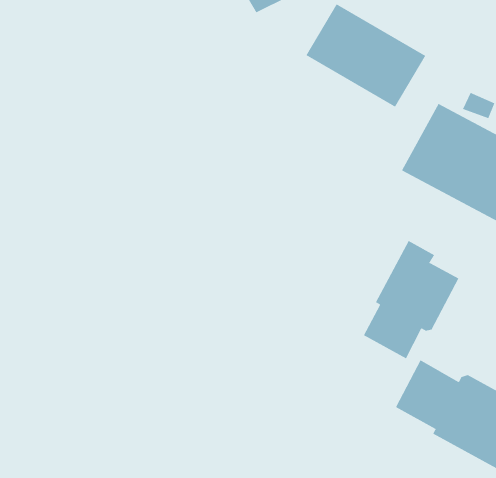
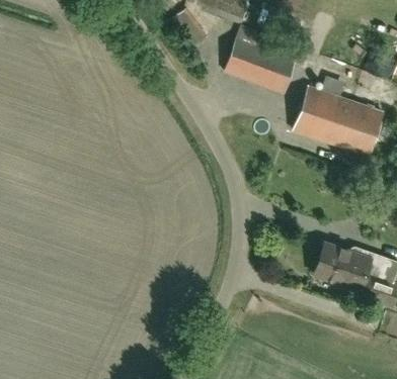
building: [363,240,459,359] -> none

